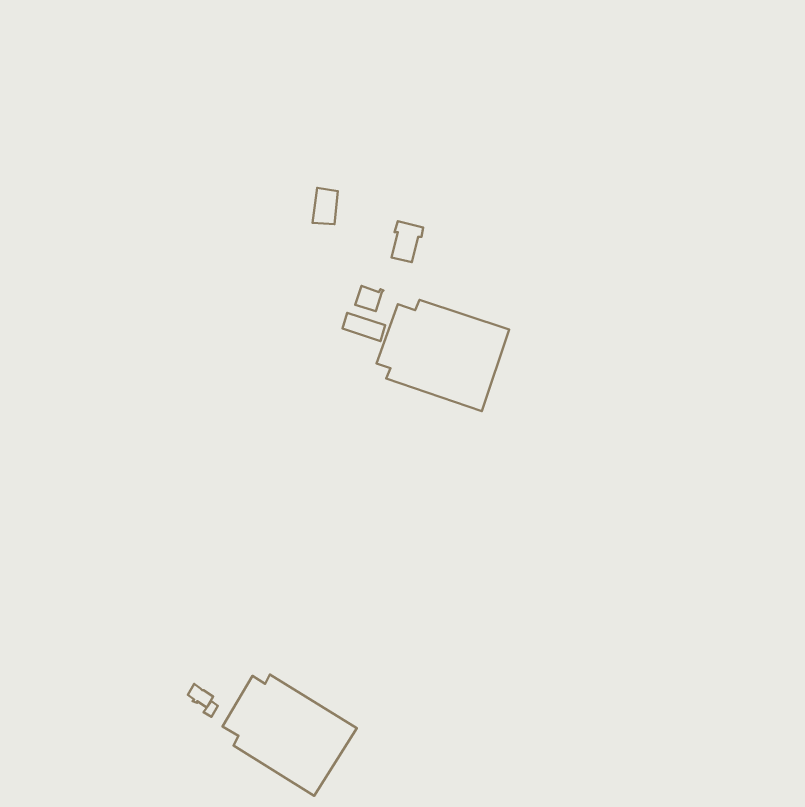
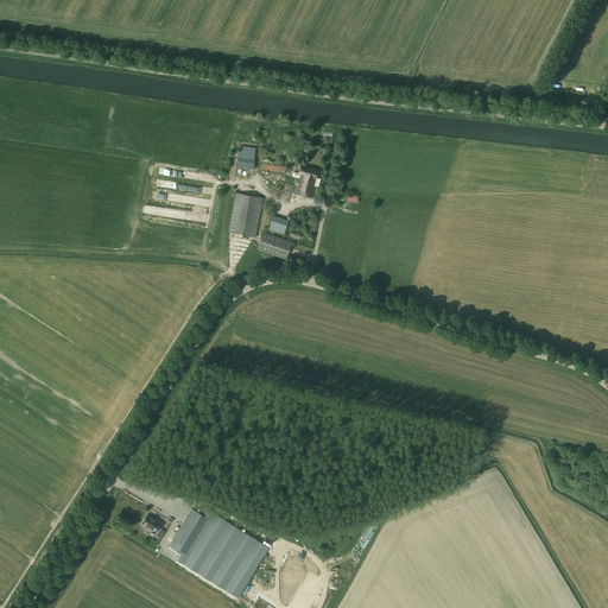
building: none -> [227,192,265,238]
building: [377,300,509,411] -> none

